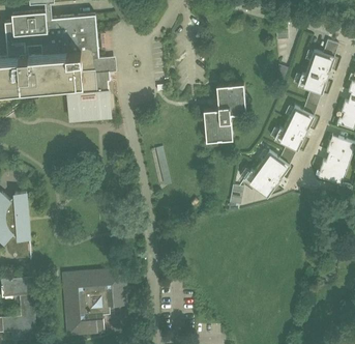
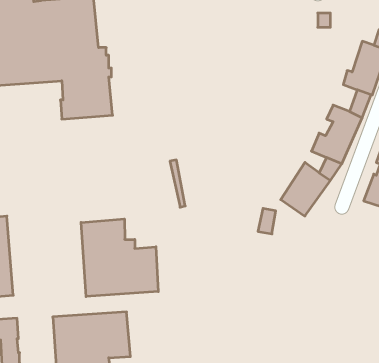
building: [204,85,246,141] -> none
building: none -> [81,219,158,297]

